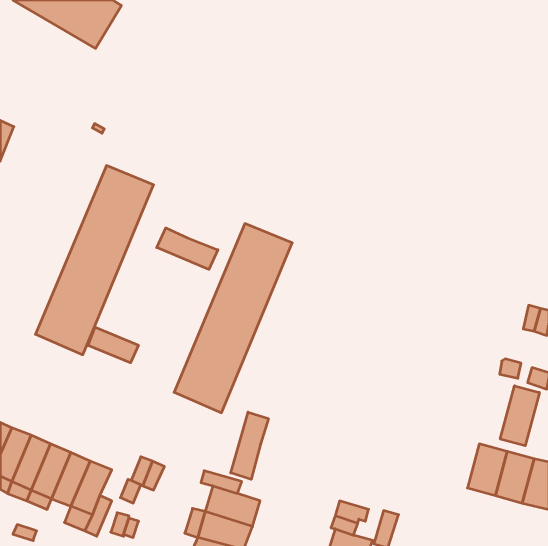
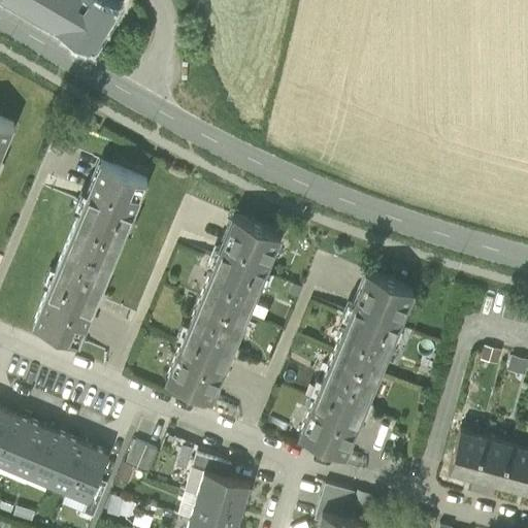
building: [157,228,218,269] -> none
building: none -> [301,273,415,455]
building: [88,327,138,363] -> none
building: [500,386,539,446] -> none
building: [231,412,268,479] -> none

